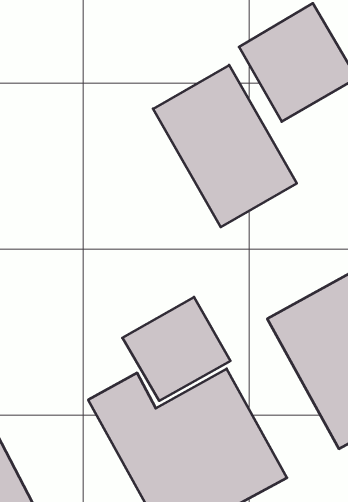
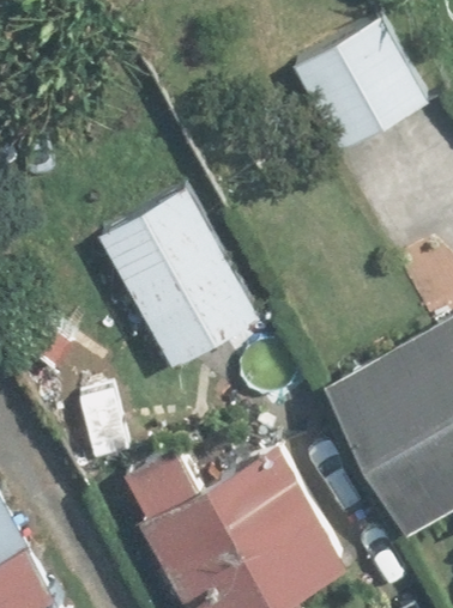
building: [153,65,297,227] -> [92,188,258,375]
building: [122,297,230,401] -> none

